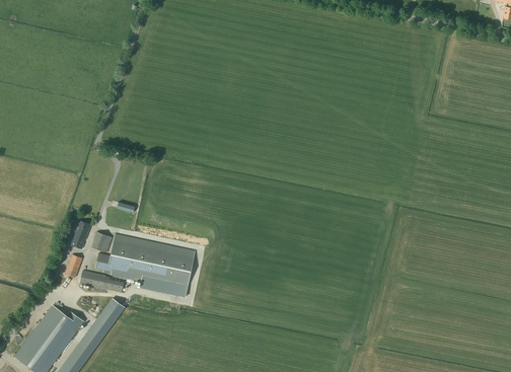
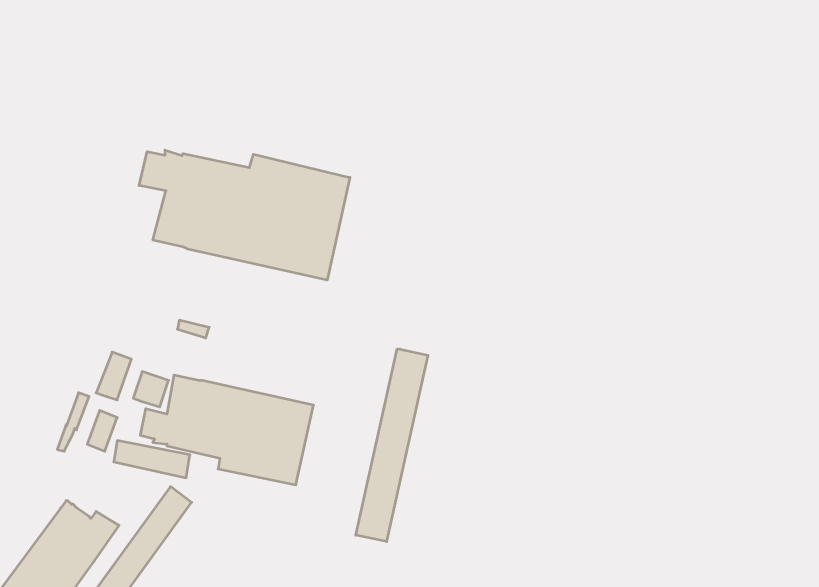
building: none -> [139,150,350,280]
building: none -> [356,349,428,542]

